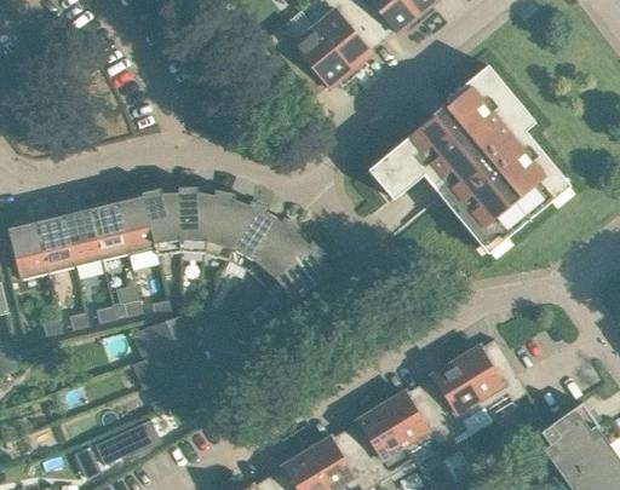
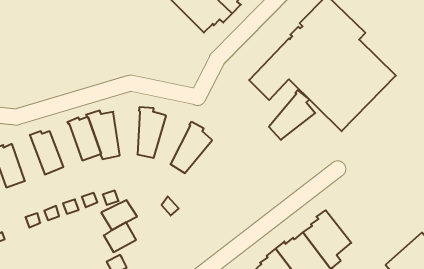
building: [178,186,214,253] -> none
building: [226,198,281,271] -> none
building: [87,201,128,259] -> none
building: [34,214,75,272] -> none
building: [266,240,332,305] -> [269,90,315,140]
building: [453,339,527,405] -> none

